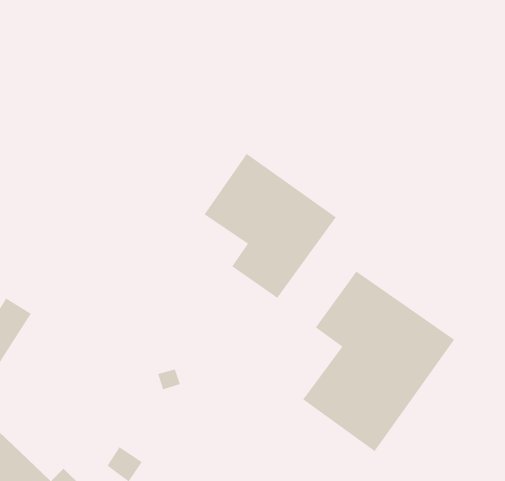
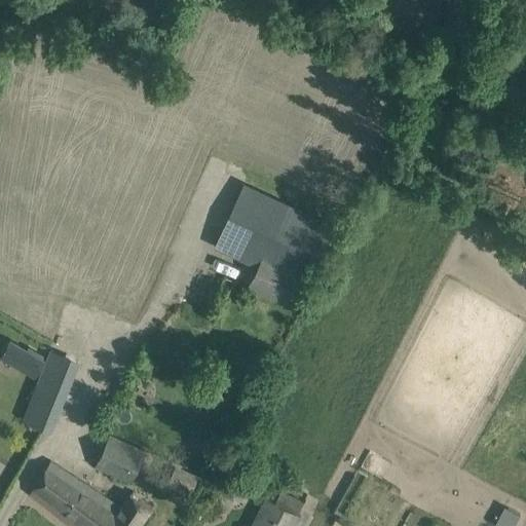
building: [302,270,455,452] -> none
building: none -> [96,436,146,484]

